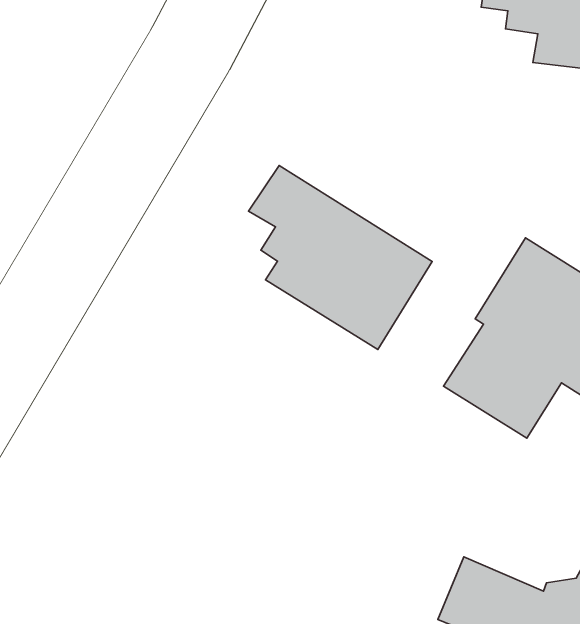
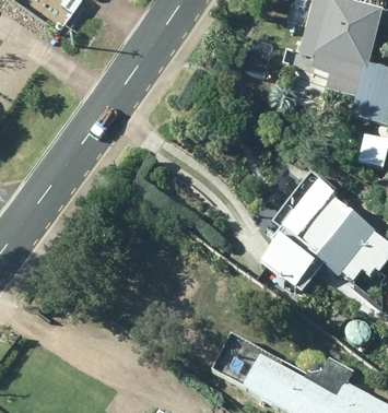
building: [249,165,432,350] -> none

